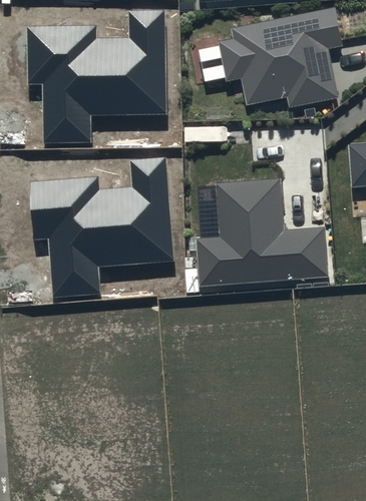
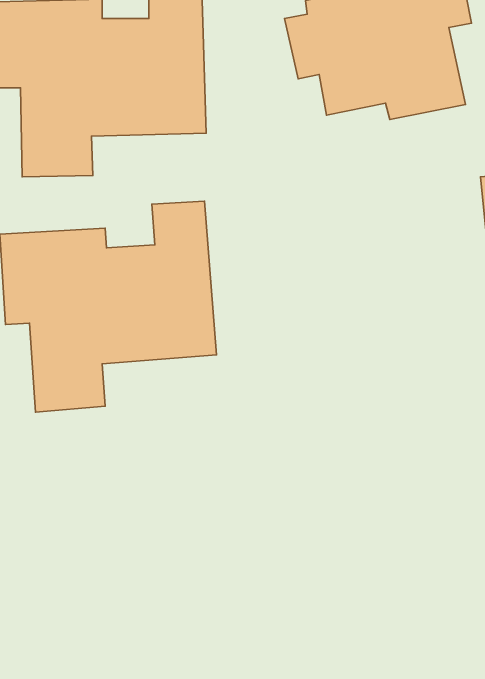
building: [194,177,329,287] -> none

